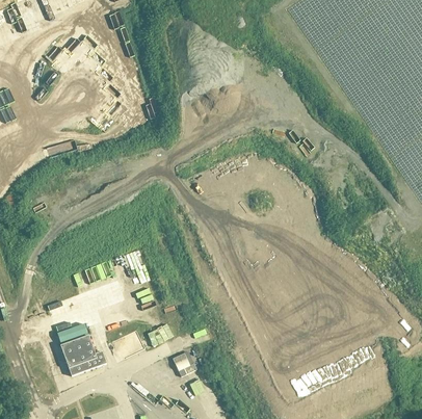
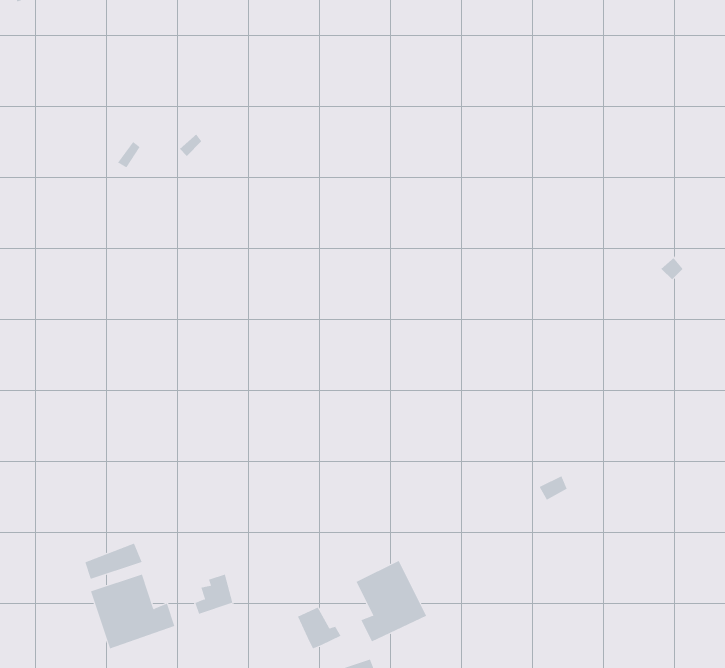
building: none -> [356,560,427,642]

